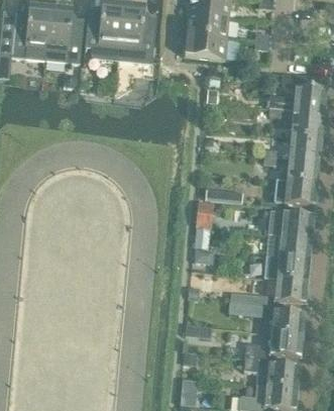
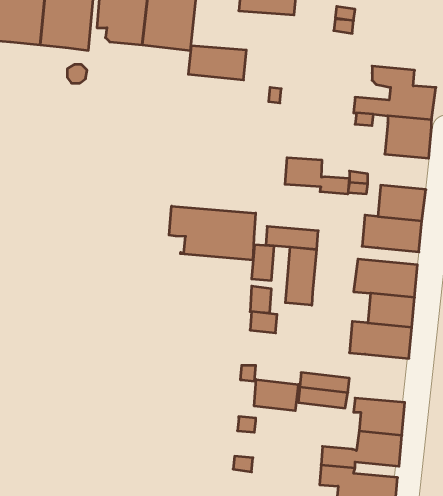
building: [185,34,226,59] -> [188,46,246,80]
building: [288,136,322,162] -> none
building: none -> [285,158,349,194]
building: none -> [169,206,256,260]
building: none -> [285,247,316,305]
building: [274,279,308,304] -> none
building: none -> [254,379,298,411]

